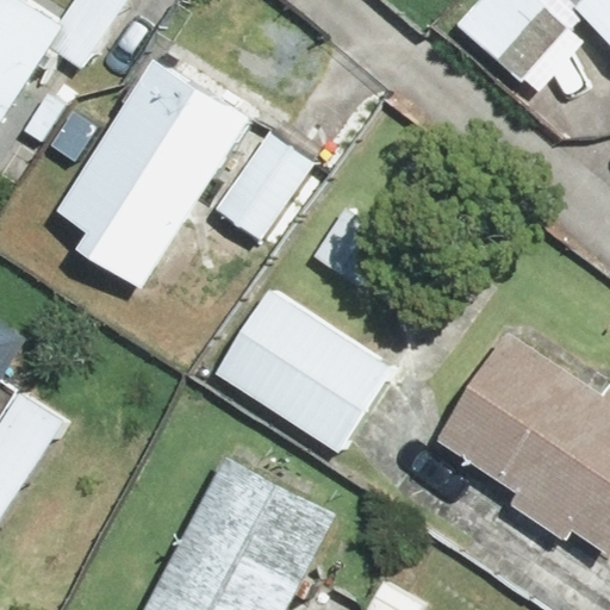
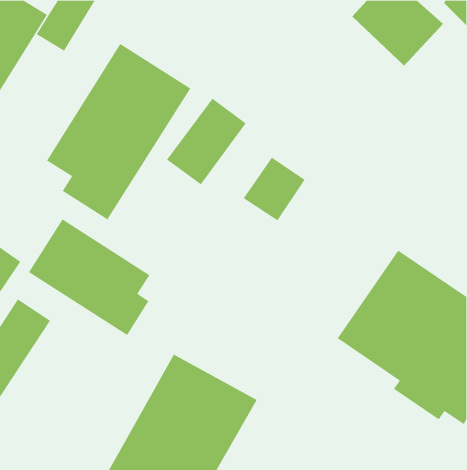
building: none -> [28,219,150,336]
building: [217,288,391,449] -> none

